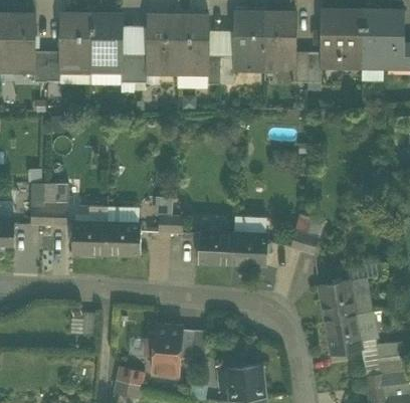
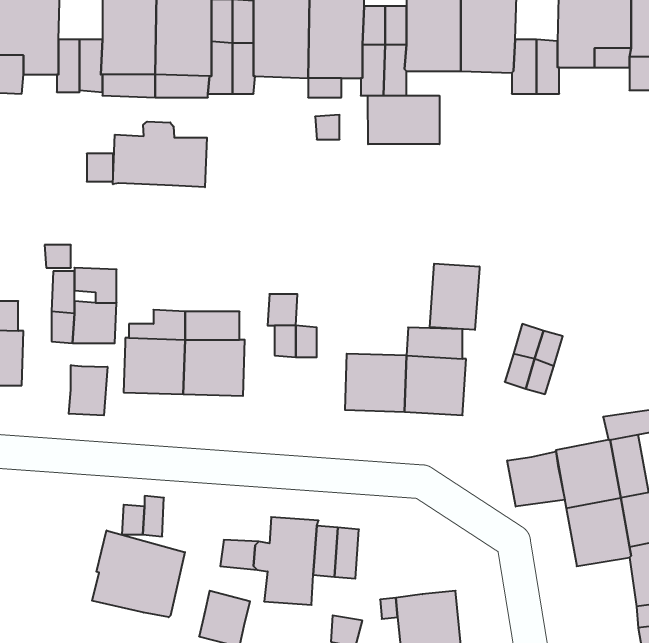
building: none -> [368,96,439,144]
building: none -> [113,122,207,187]
building: none -> [430,264,480,330]
building: none -> [69,365,107,415]
building: none -> [507,451,565,507]
building: none -> [92,530,185,617]

